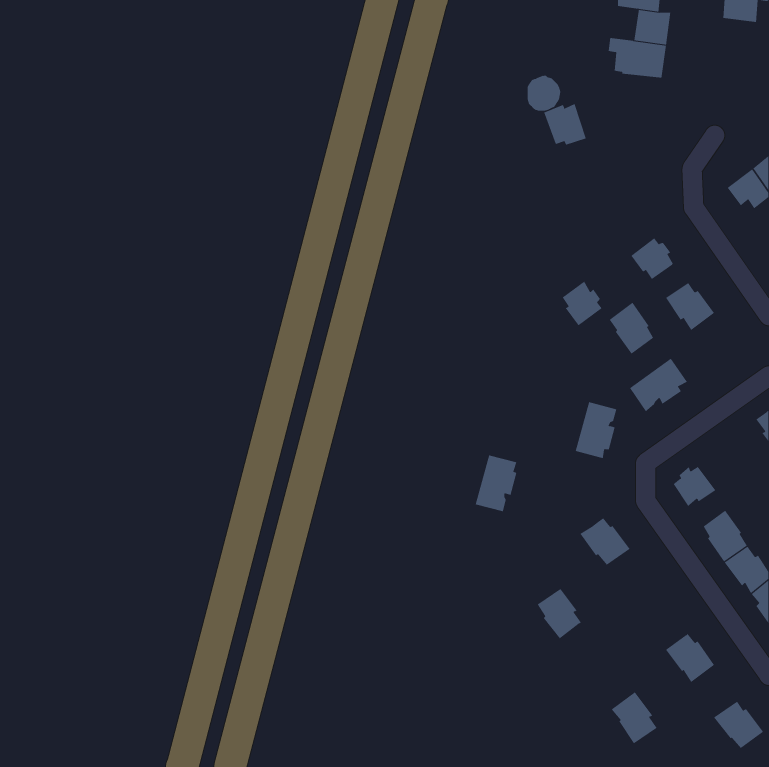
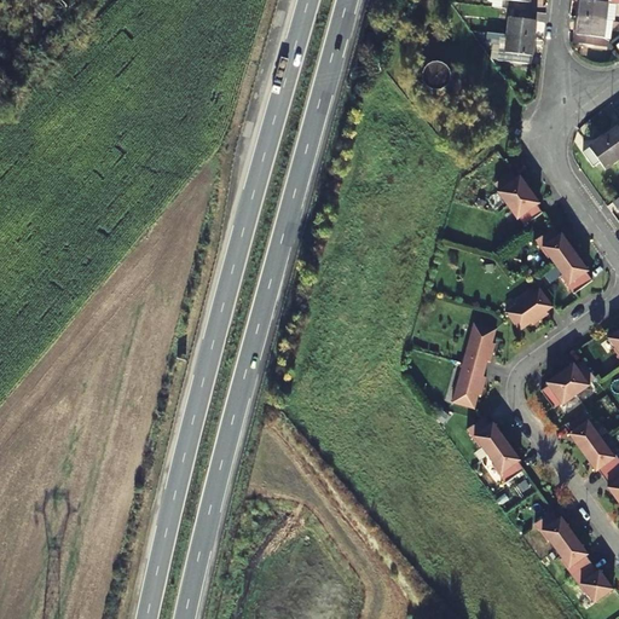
building: none -> [578,15,608,44]
building: [544,103,586,146] -> none
building: [562,281,602,326] -> [493,169,526,206]
building: [609,302,654,354] -> [555,251,591,294]
building: none -> [561,359,595,394]
building: [475,455,517,512] -> [451,363,485,409]
building: [537,588,582,639] -> [487,441,523,482]
building: [611,692,658,744] -> [555,534,592,577]

